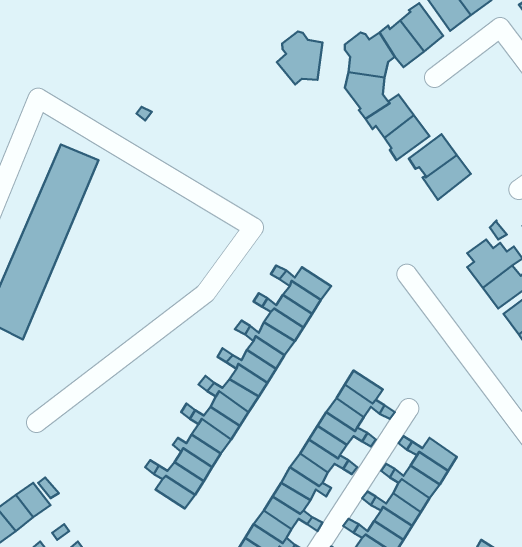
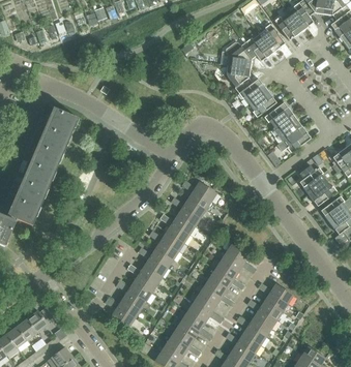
building: [277,31,323,84] -> none
building: none -> [277,126,311,153]

